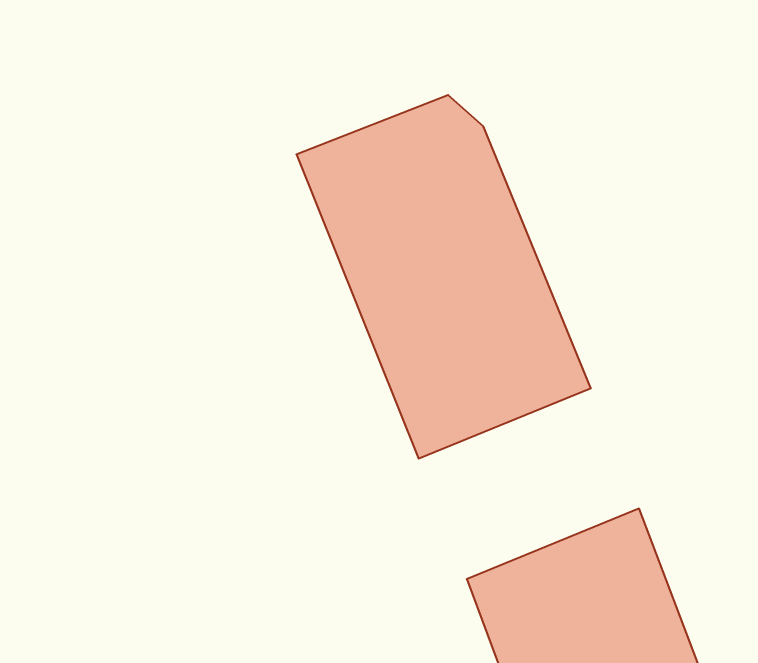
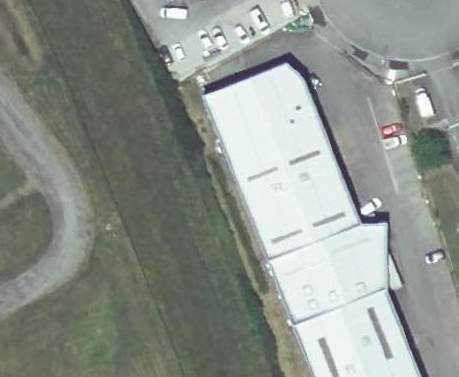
building: none -> [270,226,389,329]

